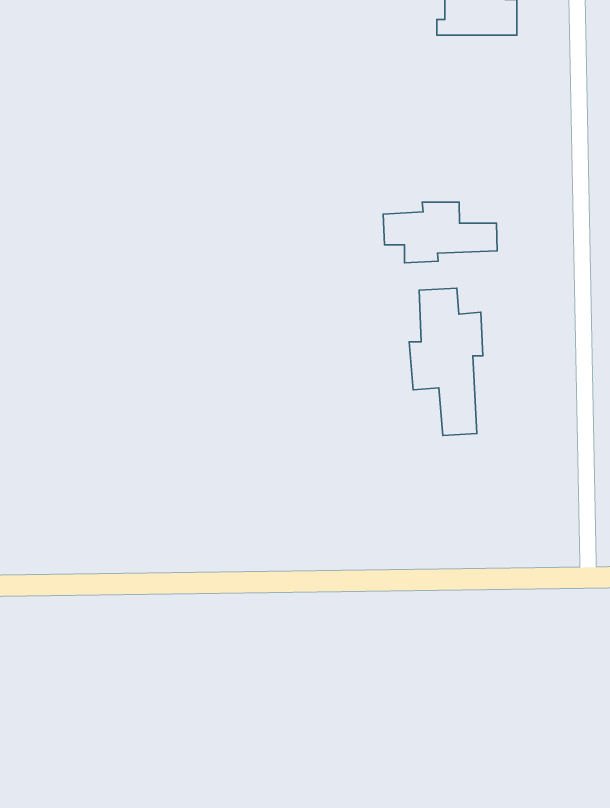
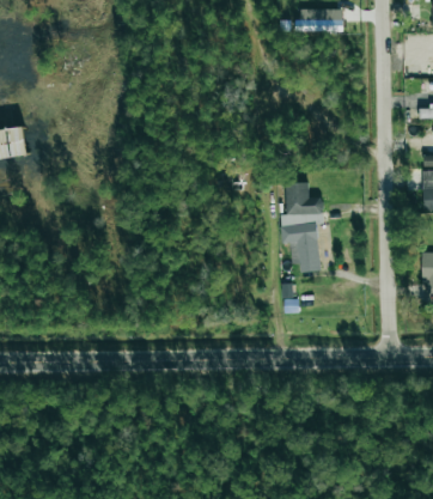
building: [383,202,497,263] -> none

